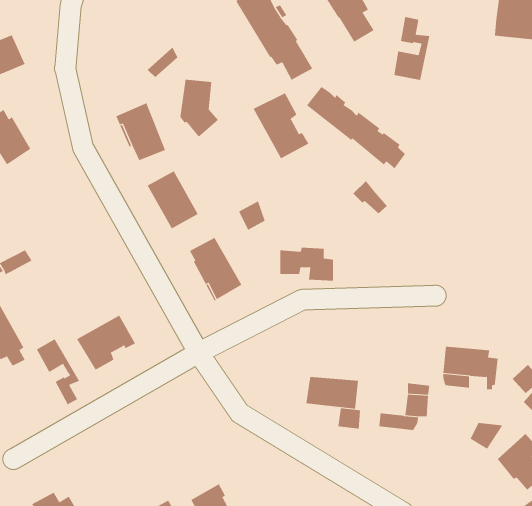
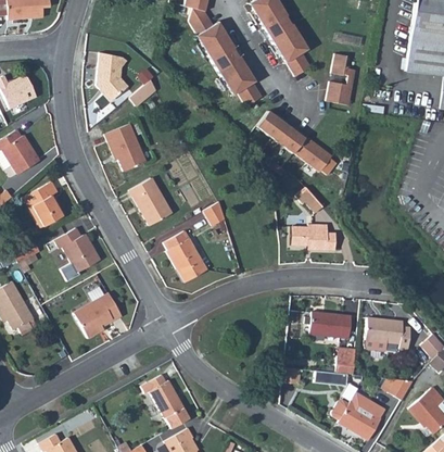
building: [179,79,219,138] -> [97,54,128,101]
building: [253,93,309,159] -> none
building: none -> [26,181,64,226]
building: none -> [54,228,100,272]
building: [279,247,334,281] -> [292,224,335,251]
building: [36,339,80,405] -> none
building: [306,376,359,409] -> [309,313,352,339]
building: none -> [142,375,190,428]
building: none -> [334,392,385,440]

